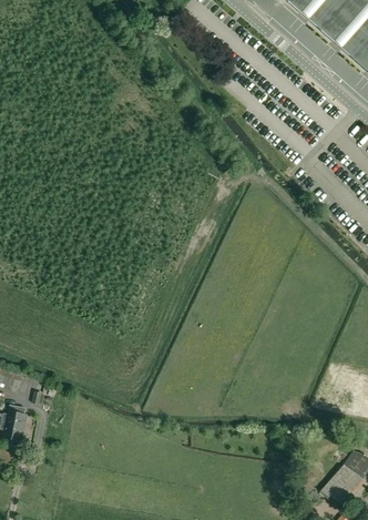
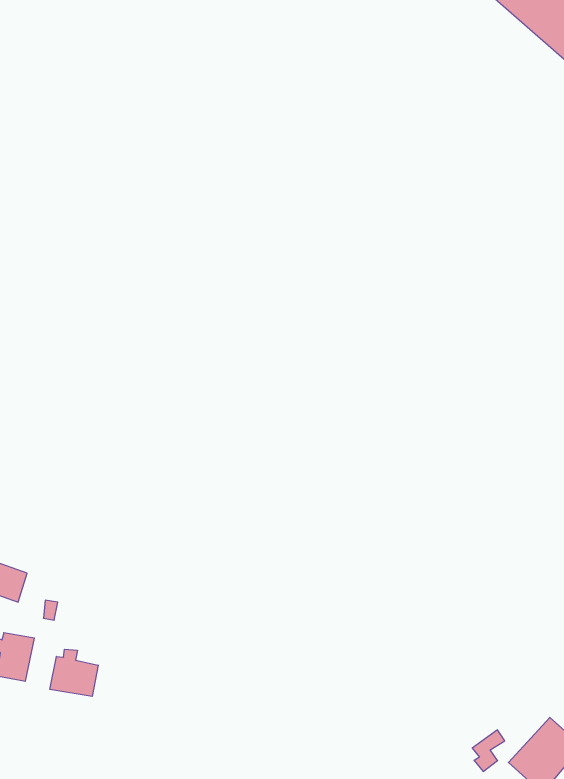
building: none -> [50,649,98,696]

